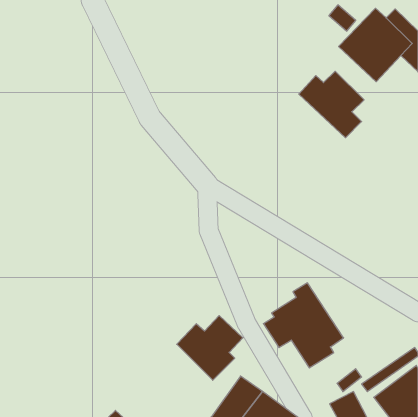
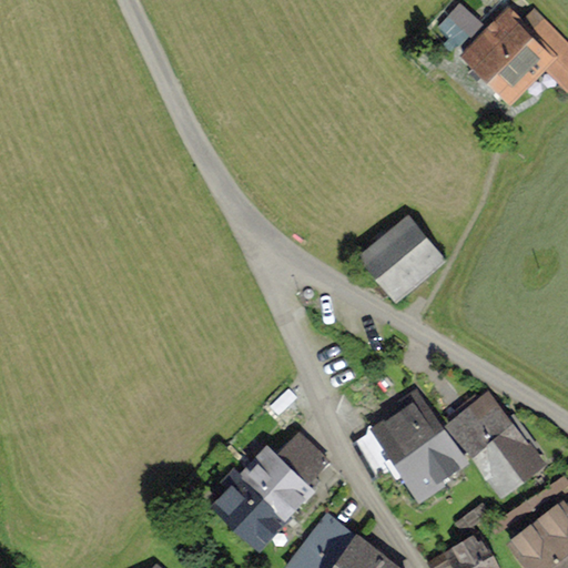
building: [299,71,364,138] -> none
building: none -> [359,221,447,306]
building: none -> [446,388,545,494]
building: none -> [212,464,288,546]

